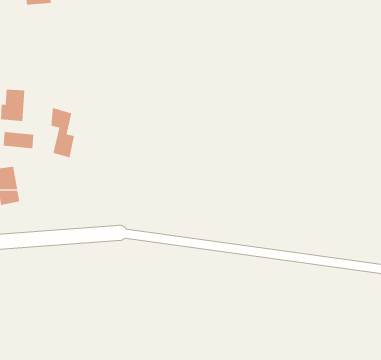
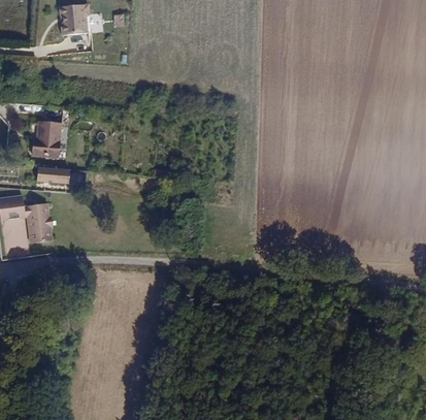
building: [51,107,75,158] -> none

